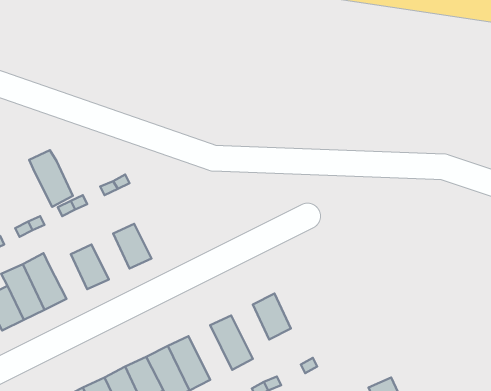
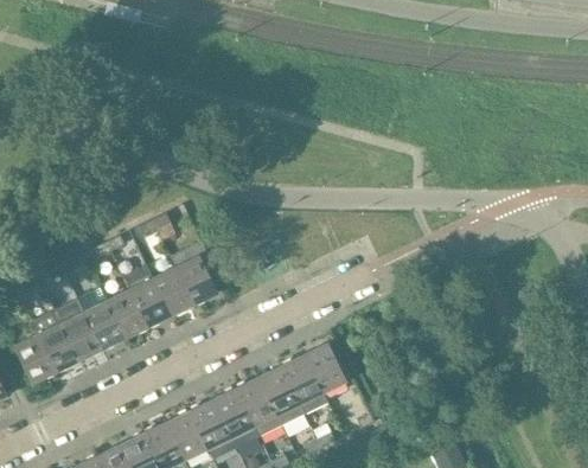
building: [29,150,73,207] -> [122,267,170,328]
building: none -> [170,243,217,306]
building: none -> [82,301,123,350]
building: none -> [280,355,326,415]
building: none -> [234,378,281,437]

